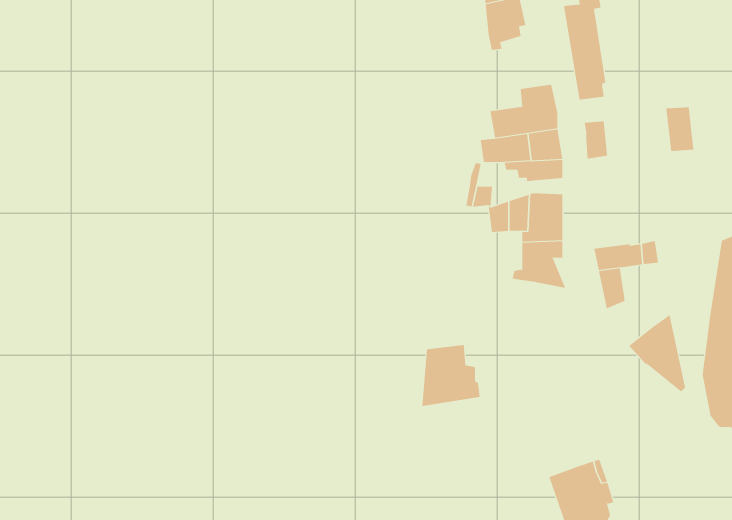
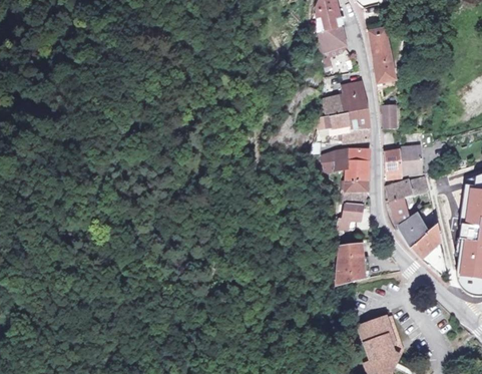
building: [666,107,694,151] -> [407,145,425,173]
building: none -> [385,149,402,173]
building: none -> [337,203,370,230]
building: none -> [398,213,424,243]
building: [421,344,481,407] -> [335,241,372,280]

